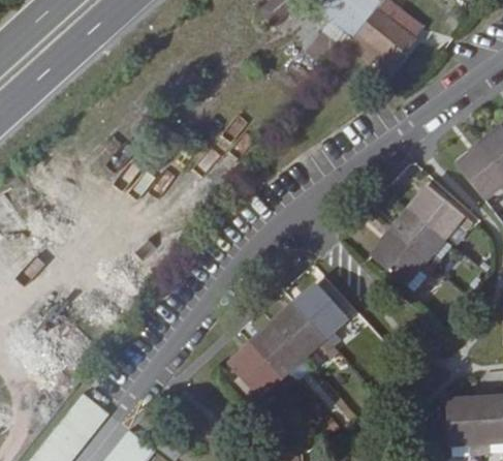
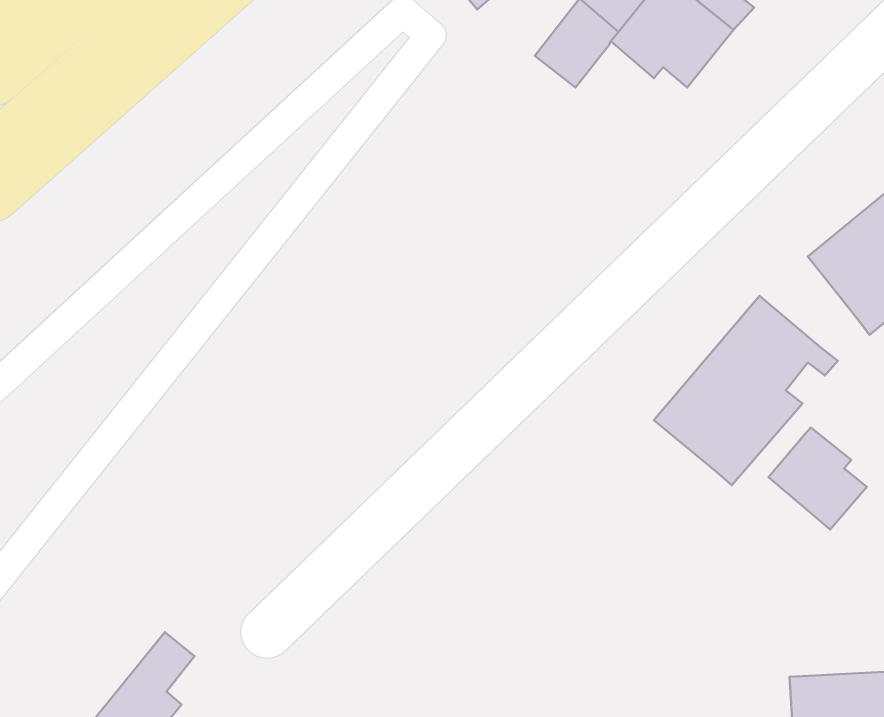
building: none -> [768,427,867,530]
building: [229,281,349,395] -> none

